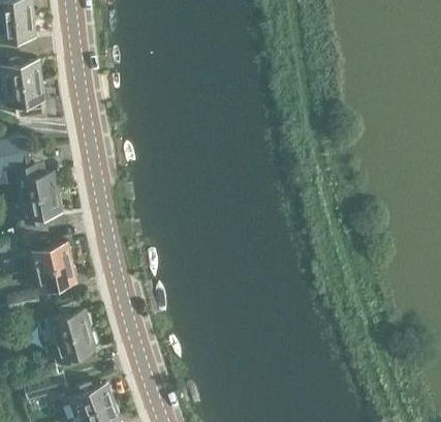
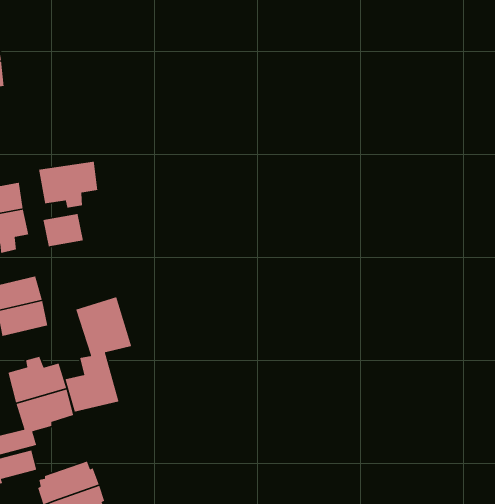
building: none -> [38,161,98,208]
building: none -> [43,213,84,247]
building: none -> [64,296,132,413]

